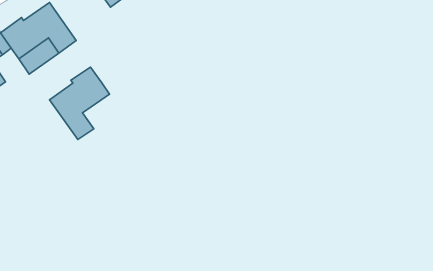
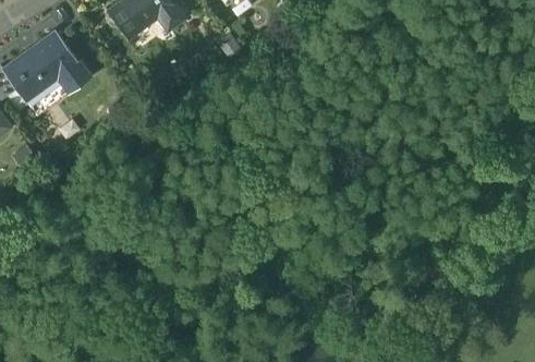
building: [50,67,109,140] -> none

